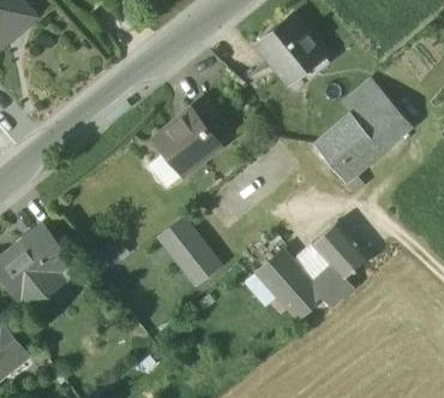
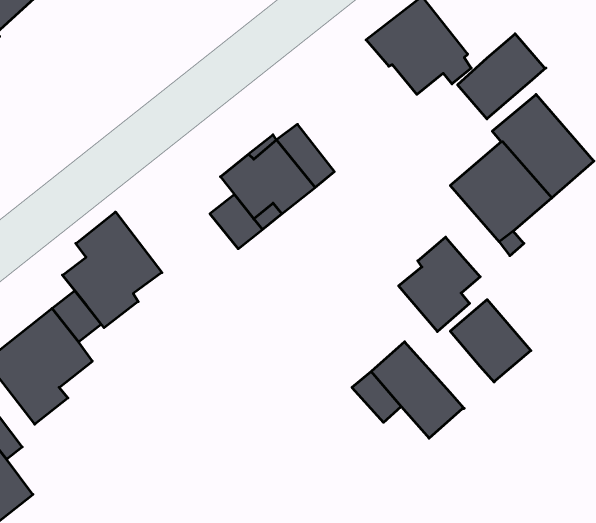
building: none -> [458,34,546,119]
building: none -> [62,212,162,328]
building: none -> [399,237,480,332]
building: [161,219,220,284] -> none
building: [313,268,353,308] -> none

